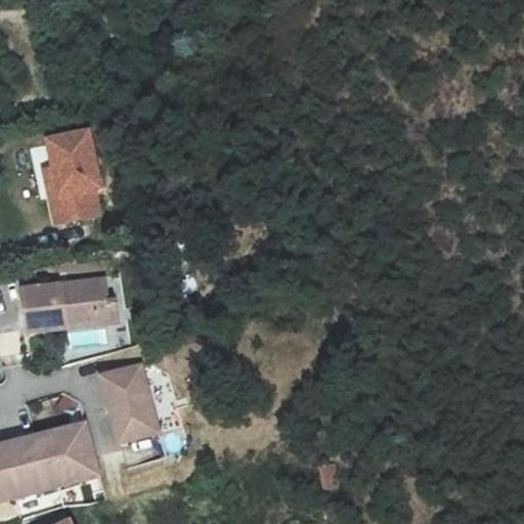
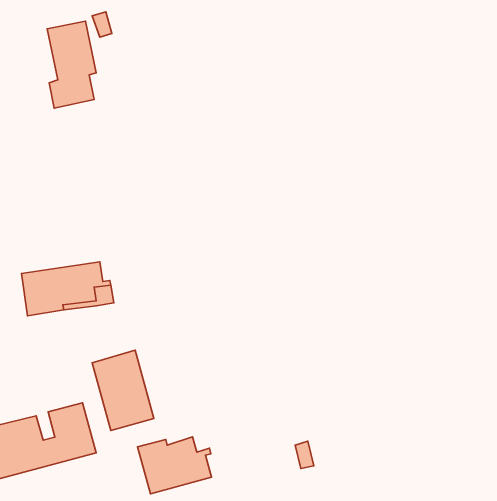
building: [48,131,99,222] -> [47,21,96,108]
building: none -> [137,437,211,494]

